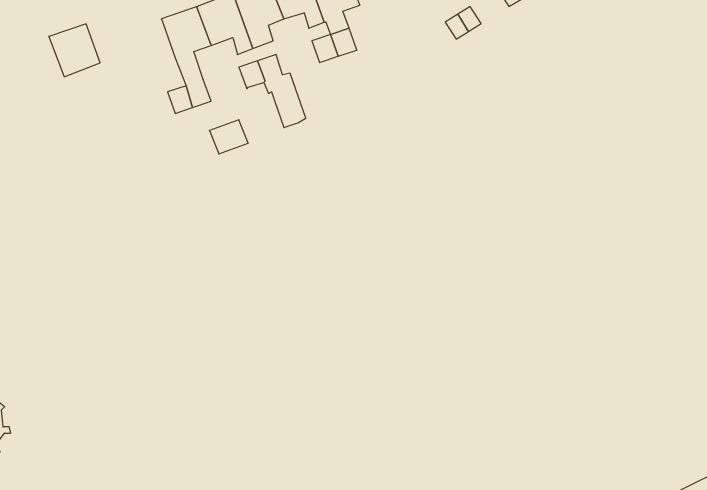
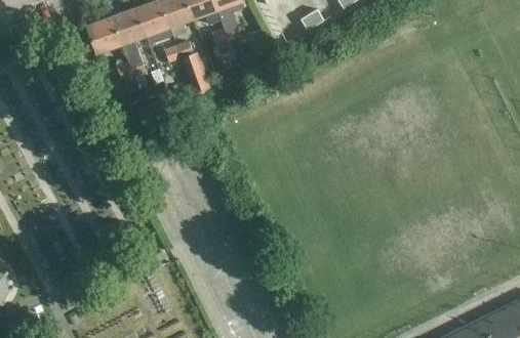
building: [49,24,100,77] -> [87,17,121,52]

